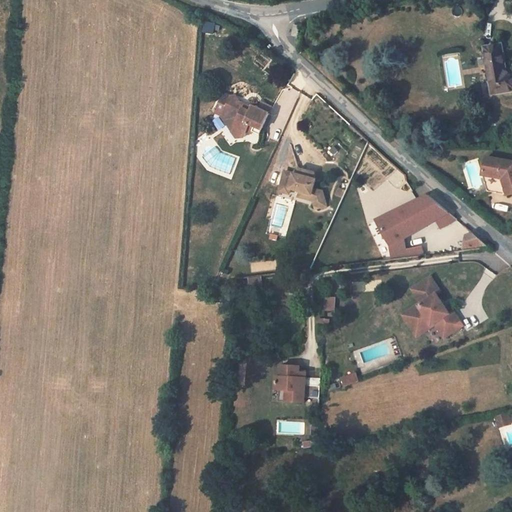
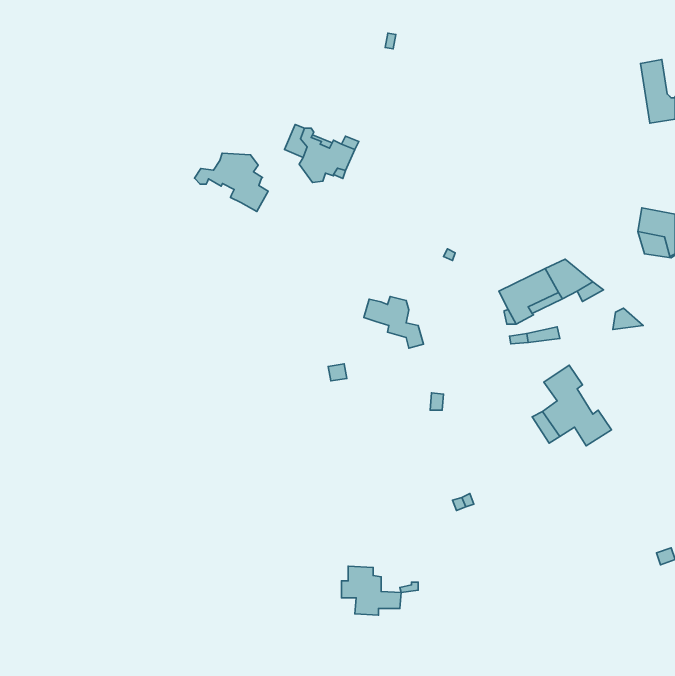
building: none -> [195,153,268,211]
building: [281,170,326,209] -> [364,296,423,348]
building: [275,366,320,403] -> [341,566,401,615]

